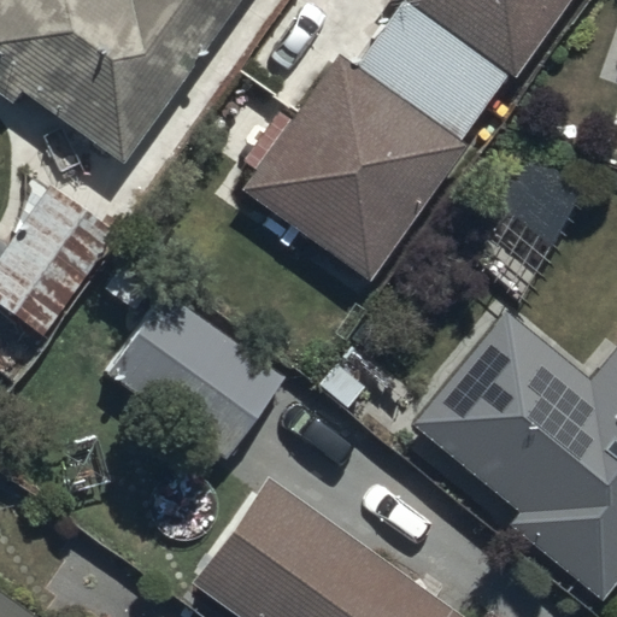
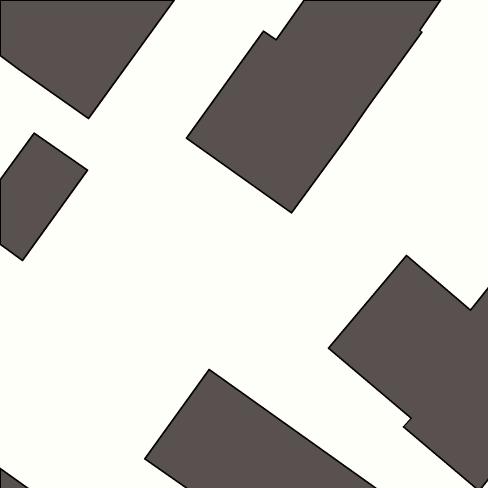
building: [110,293,289,459] -> none

